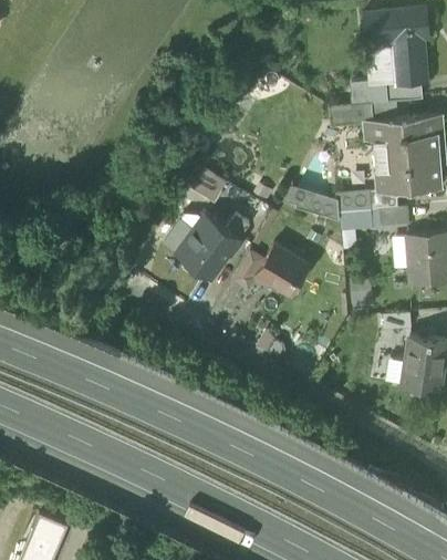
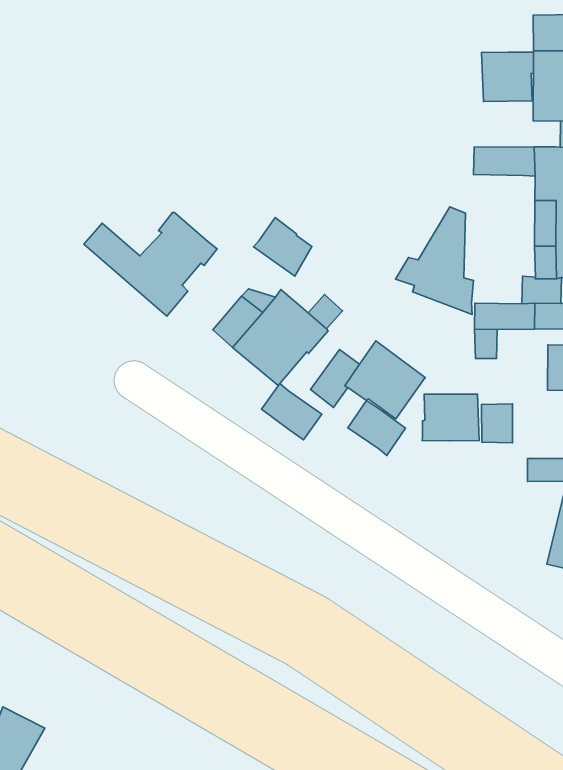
building: none -> [482,52,534,102]
building: none -> [84,212,217,316]
building: [336,193,372,214] -> none
building: none -> [422,394,479,441]
building: none -> [262,384,322,440]
building: none -> [348,400,406,455]

